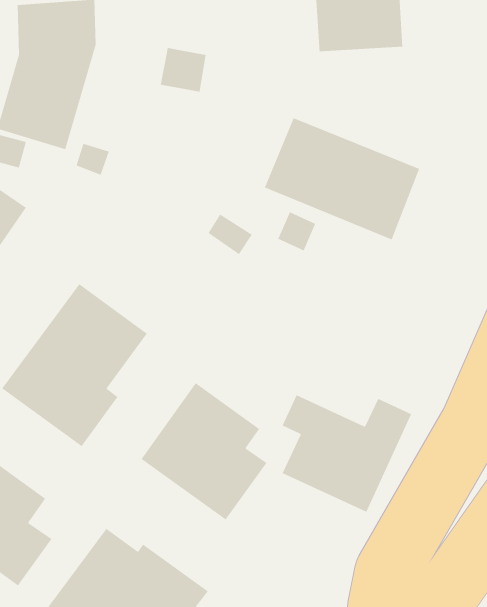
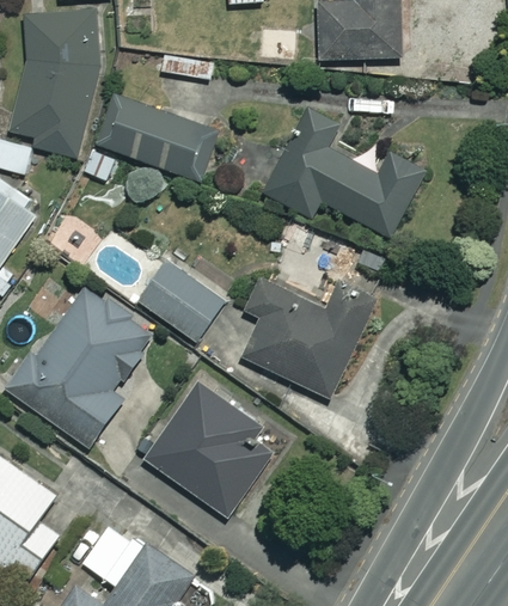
building: none -> [96,94,216,182]
building: none -> [139,259,225,341]
building: [281,394,412,513] -> [244,281,372,397]

